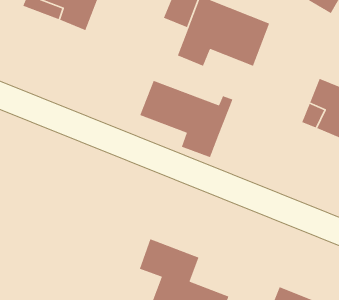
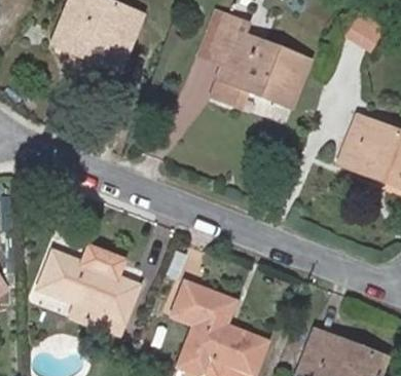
building: [139,80,234,158] -> none
building: none -> [40,247,139,332]

